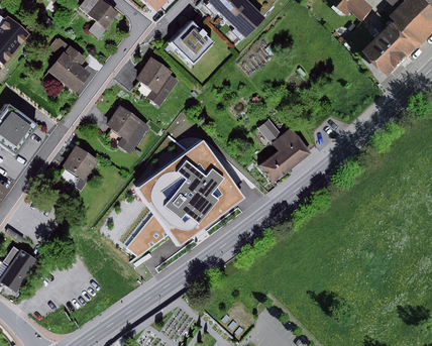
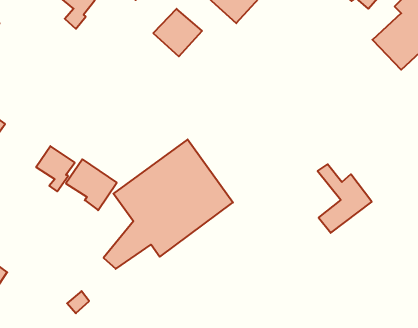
building: [41,40,88,91] -> none
building: [136,55,179,105] -> none
building: [104,104,150,150] -> [66,159,117,210]
building: [254,118,304,181] -> [318,164,372,233]

